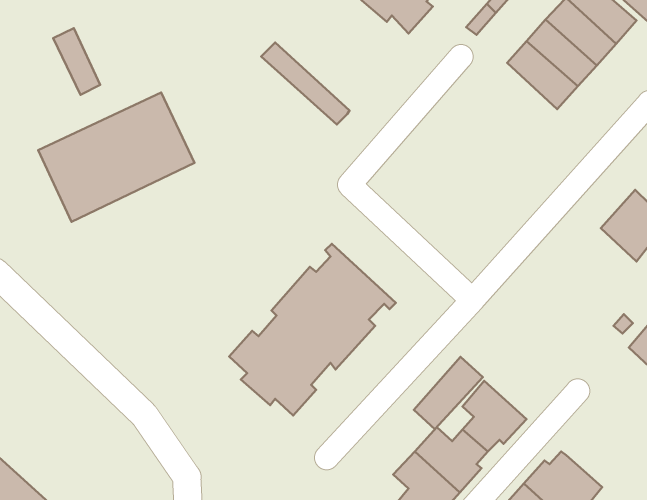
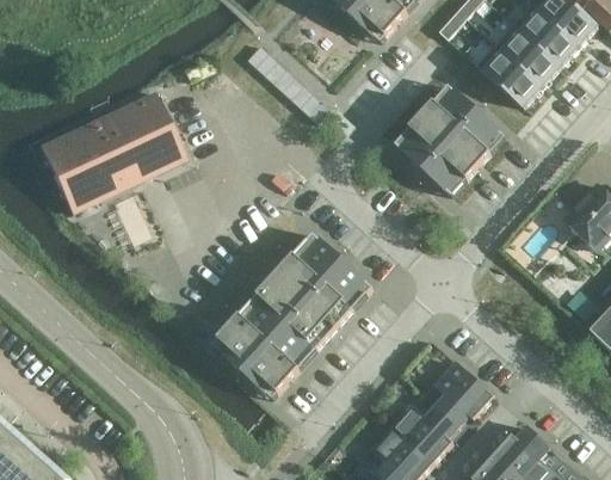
building: [53,28,100,95] -> none
building: none -> [399,88,500,191]
building: [414,357,483,429] -> none

